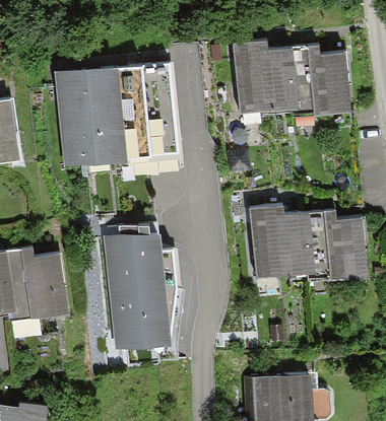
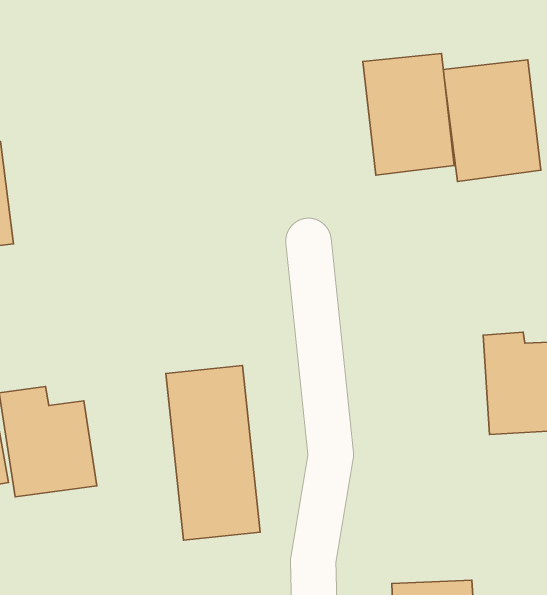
building: [59,71,142,161] -> none
building: [253,208,307,277] -> none

